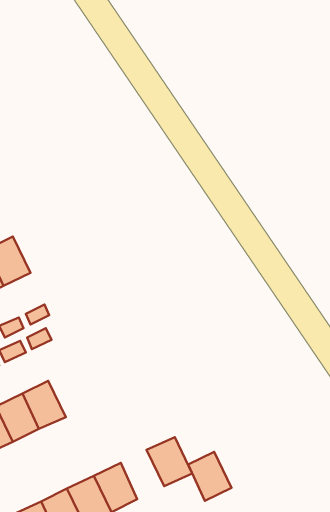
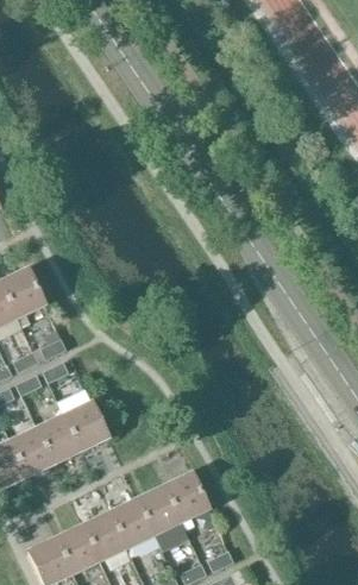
building: none -> [63,401,108,451]
building: [188,452,232,501] -> [137,484,181,534]

